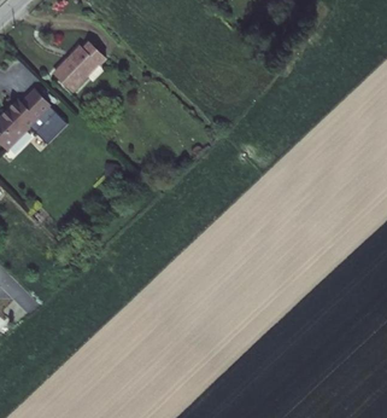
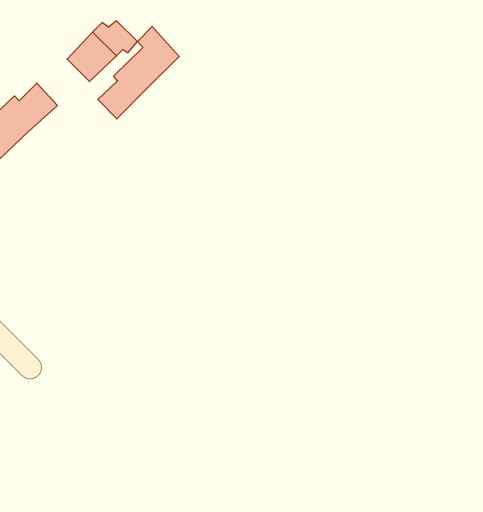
building: none -> [98,26,179,119]
building: [28,105,66,144] -> none

